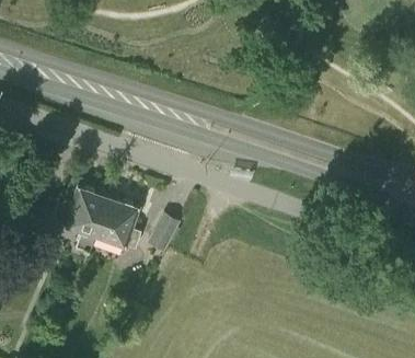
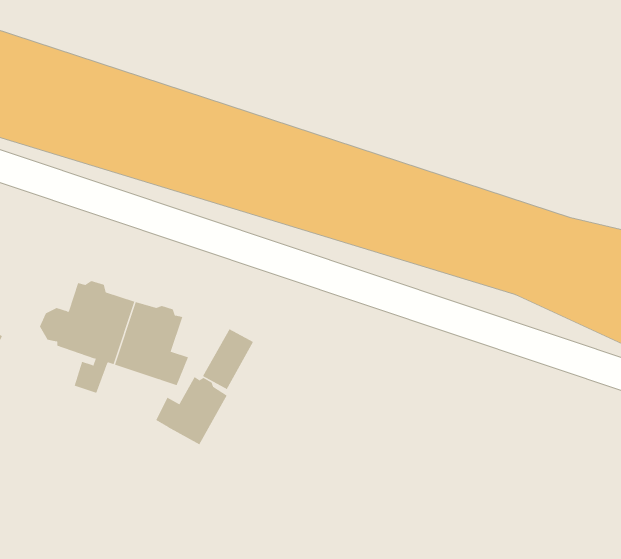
building: none -> [155,376,228,445]

